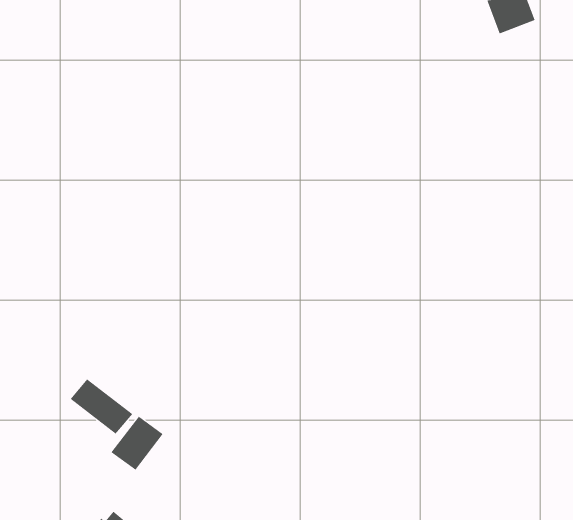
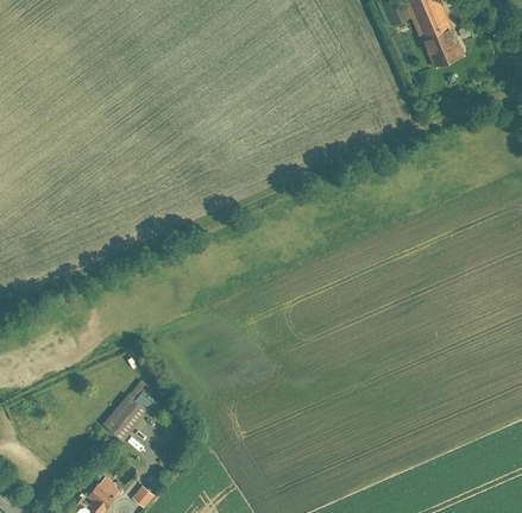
building: [70,378,133,435] -> none

